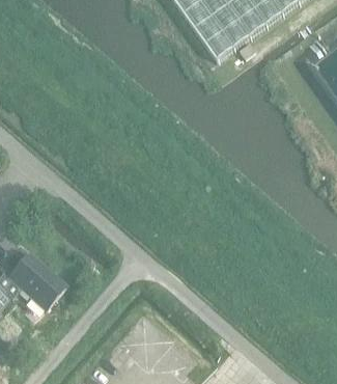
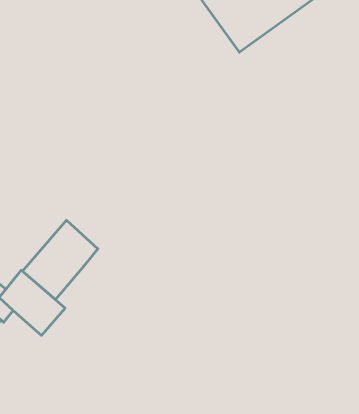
building: none -> [22,220,98,299]

